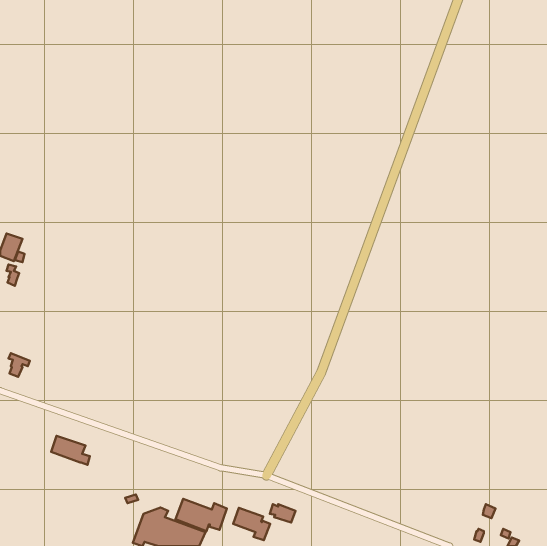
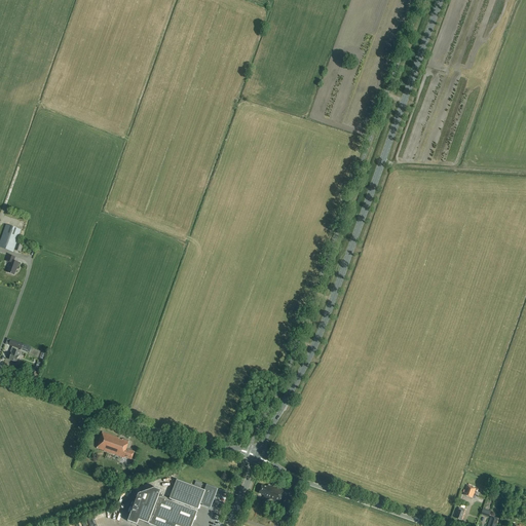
building: [51,436,90,465] -> [97,431,134,459]
building: [233,508,270,540] -> none

